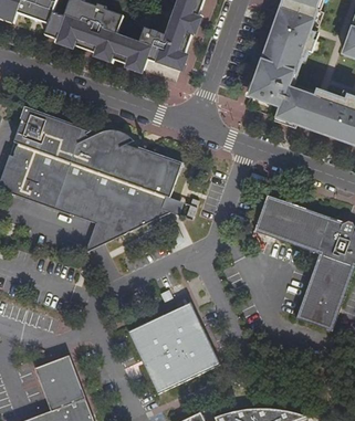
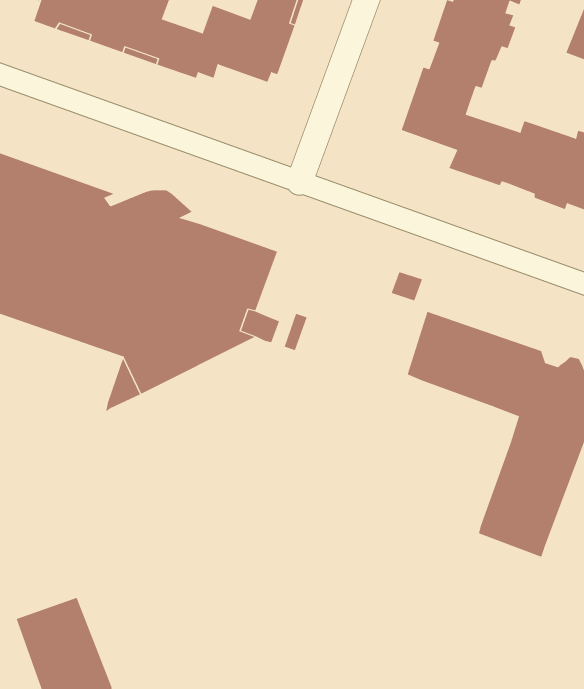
building: [127,299,219,392] -> none

